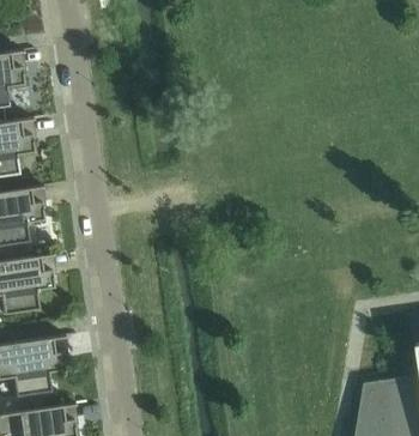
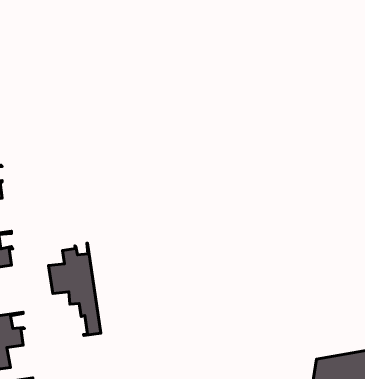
building: none -> [48,243,101,335]

